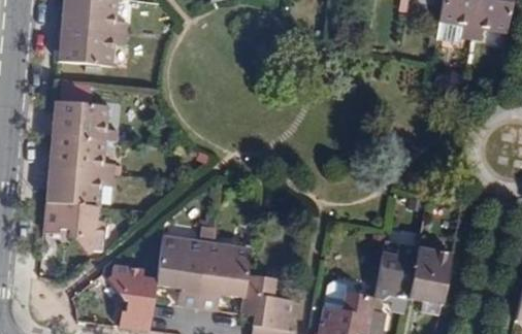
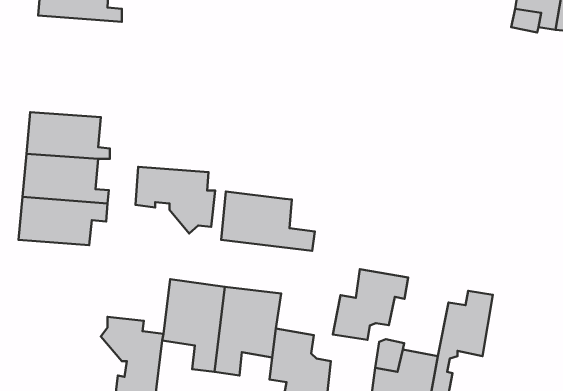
building: [57,26,125,66] -> none
building: none -> [221,192,315,251]
building: [41,203,104,256] -> [135,167,215,233]
building: none -> [333,269,408,340]
building: [410,246,452,301] -> none

